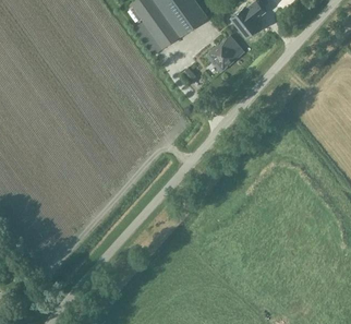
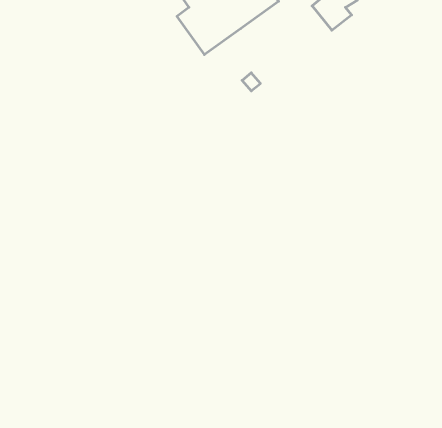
building: [206,36,243,72] -> none

